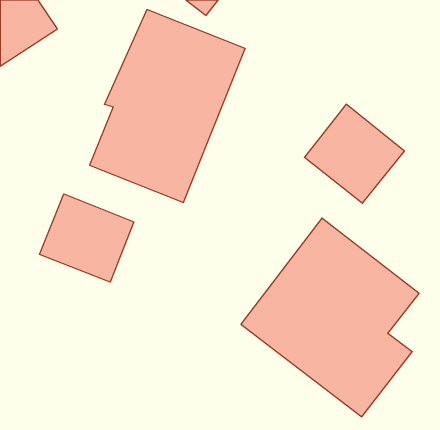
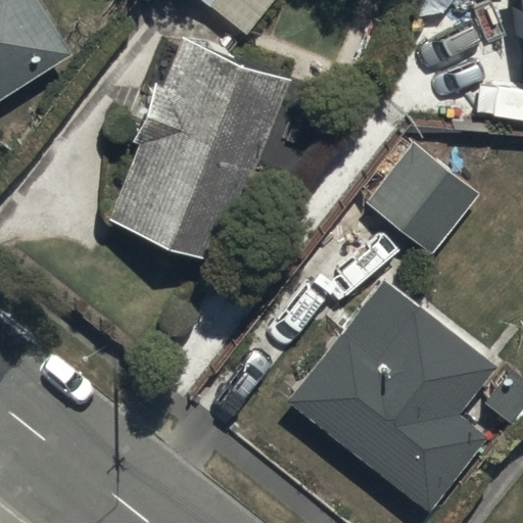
building: [39,194,134,282] -> none

